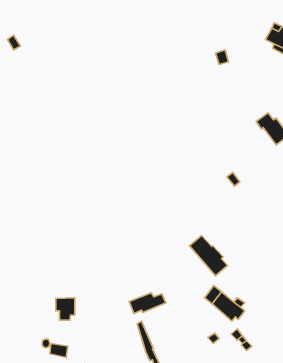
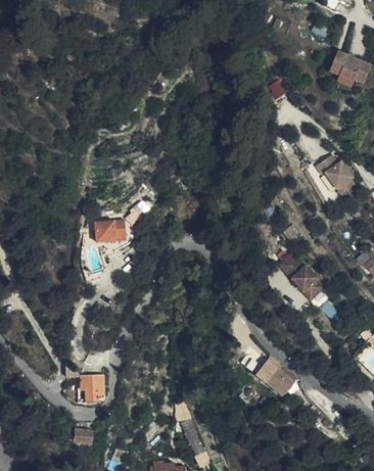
building: none -> [92,220,125,243]
building: [189,235,227,276] -> [279,253,324,301]
building: [129,293,166,313] -> none

